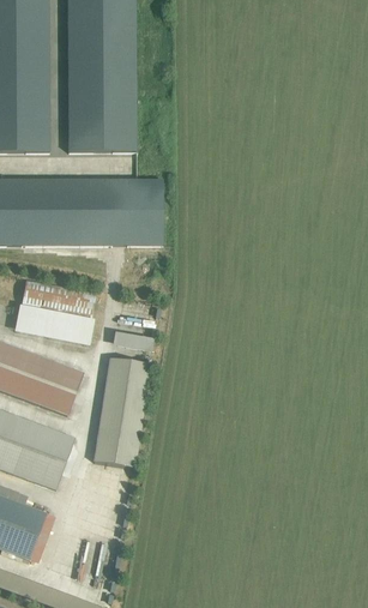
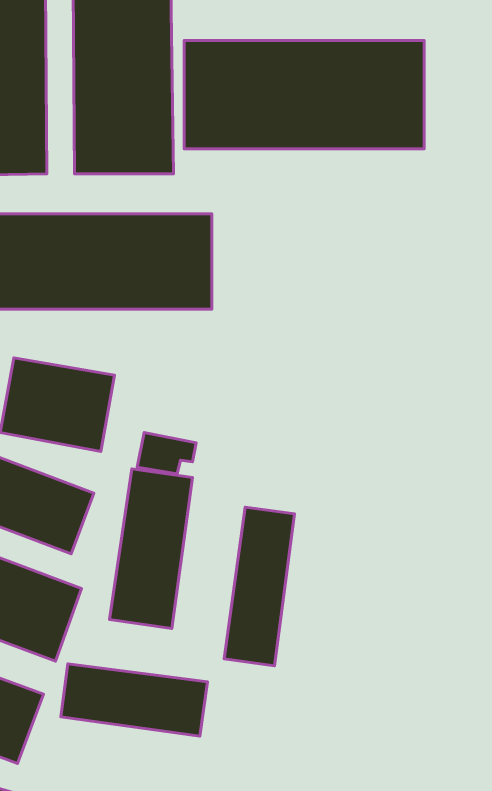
building: none -> [184,40,424,149]
building: none -> [224,507,294,666]
building: none -> [61,664,207,736]

